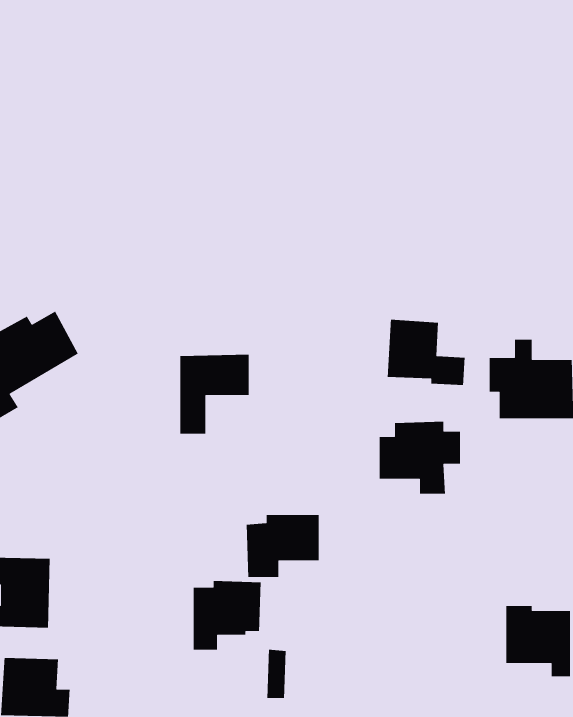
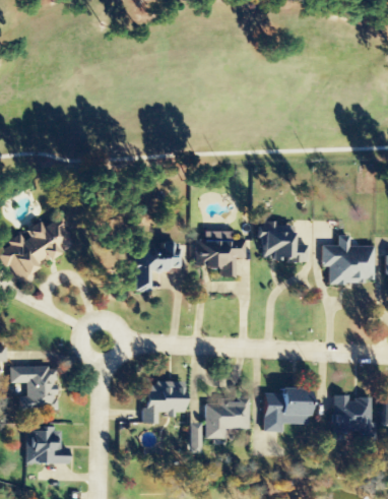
building: [379,421,461,495] -> [196,231,246,275]
building: [246,514,319,578] -> [205,399,250,438]
building: none -> [264,388,307,431]

